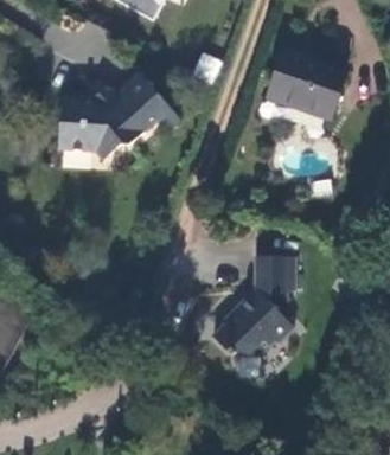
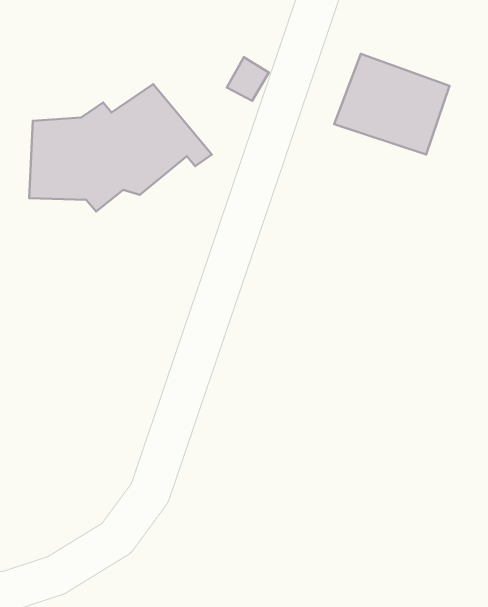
building: [217,251,301,355] -> none

